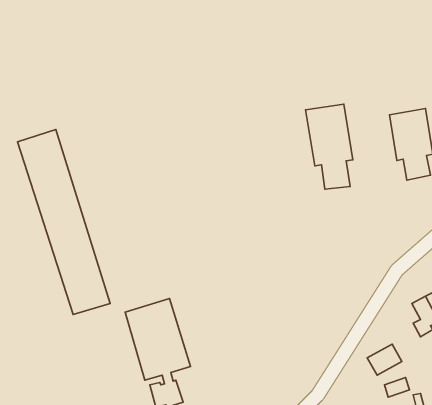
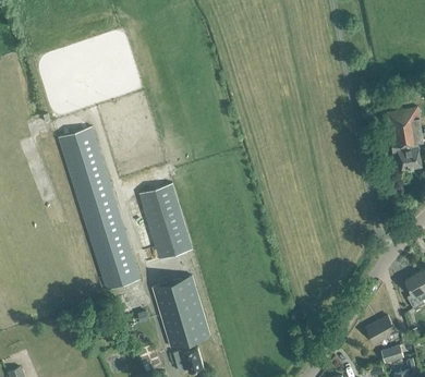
building: [306,104,353,189] -> none
building: none -> [139,184,192,259]

